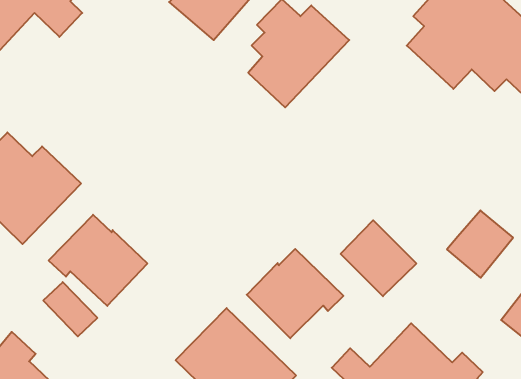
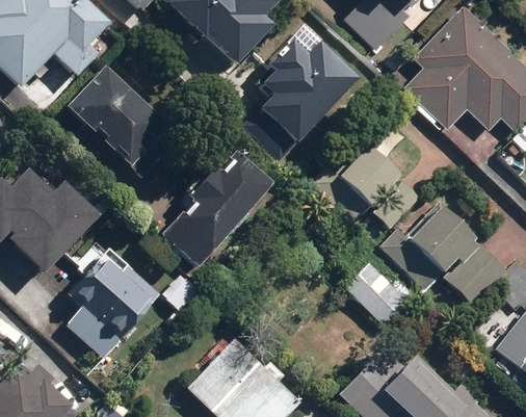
building: none -> [64,64,169,170]
building: none -> [334,142,401,210]
building: none -> [162,149,271,266]
building: none -> [382,204,480,275]
building: [247,249,343,338] -> none

